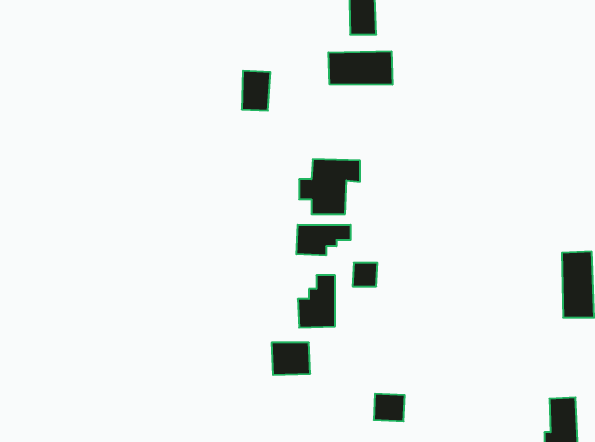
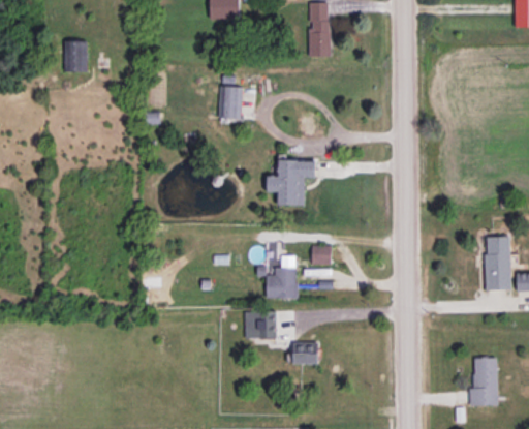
building: none -> [65,41,87,72]
building: [328,51,392,85] -> none
building: [296,225,351,255] -> none
building: [374,394,405,421] -> [292,342,318,365]

